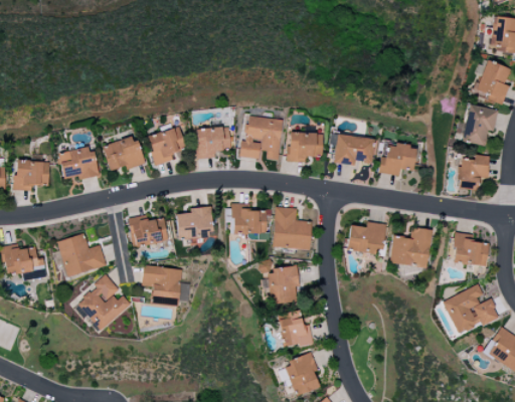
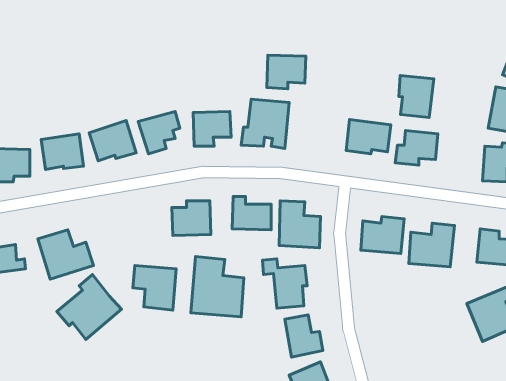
building: none -> [399,76,434,117]
building: [288,132,323,162] -> [267,55,306,89]
building: [130,215,169,247] -> none
building: none -> [191,257,244,317]

